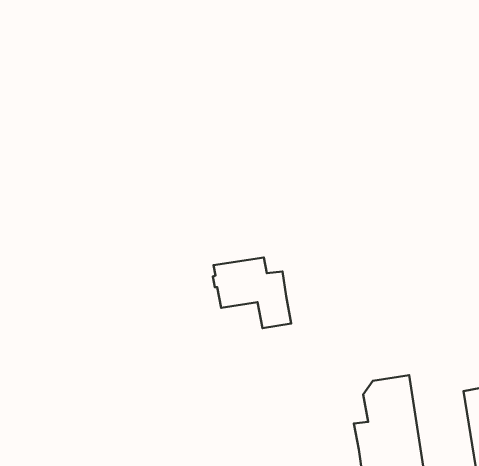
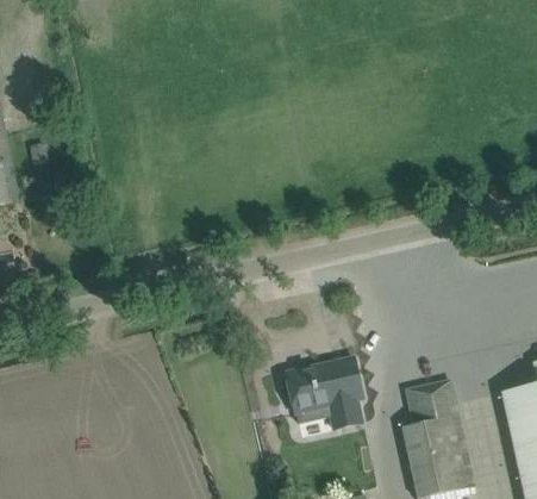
building: [213,258,291,328] -> [286,362,361,428]

